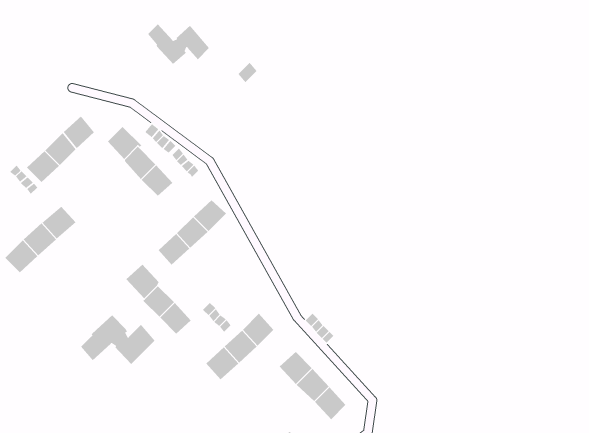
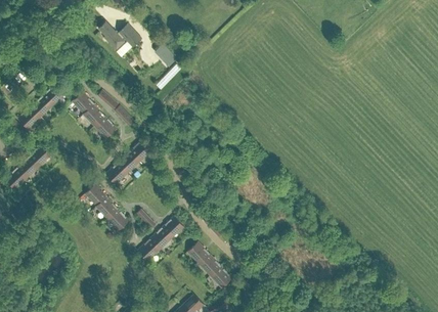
building: [80,314,156,365] -> none

